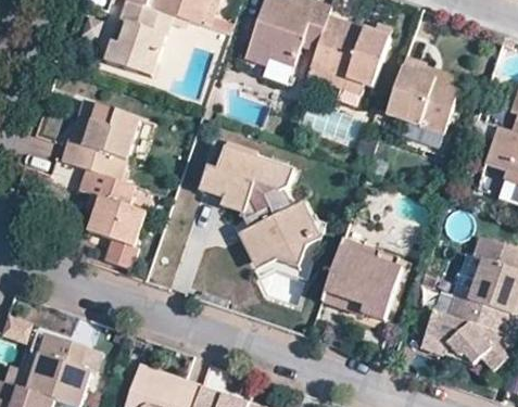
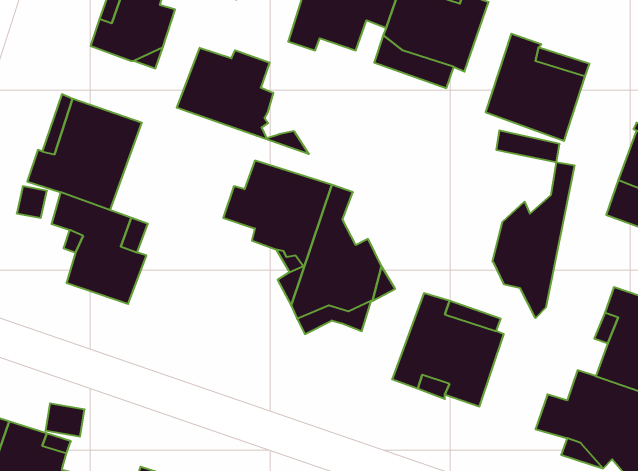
building: none -> [177,48,309,154]
building: none -> [493,162,574,318]

